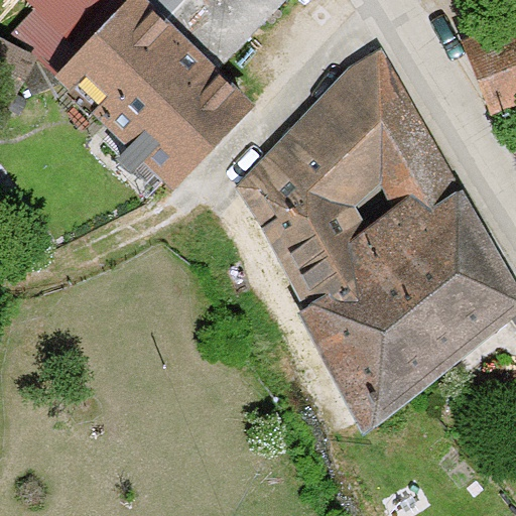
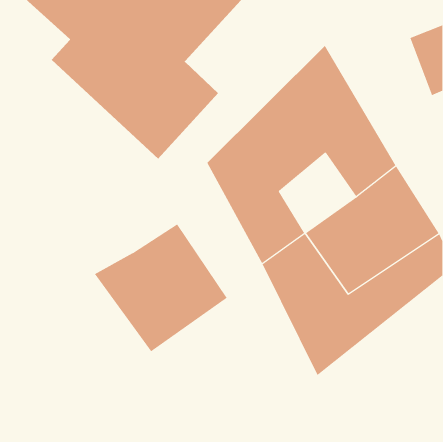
building: none -> [94,224,227,352]

